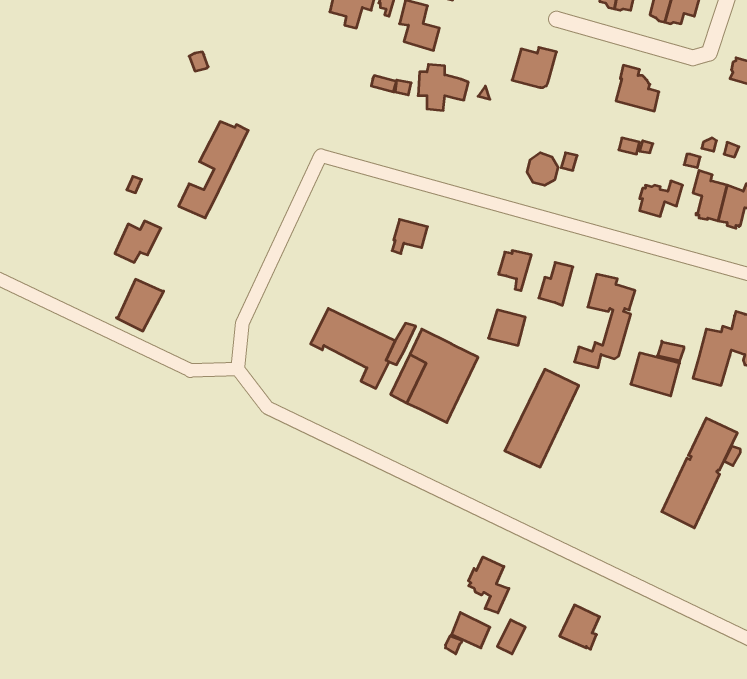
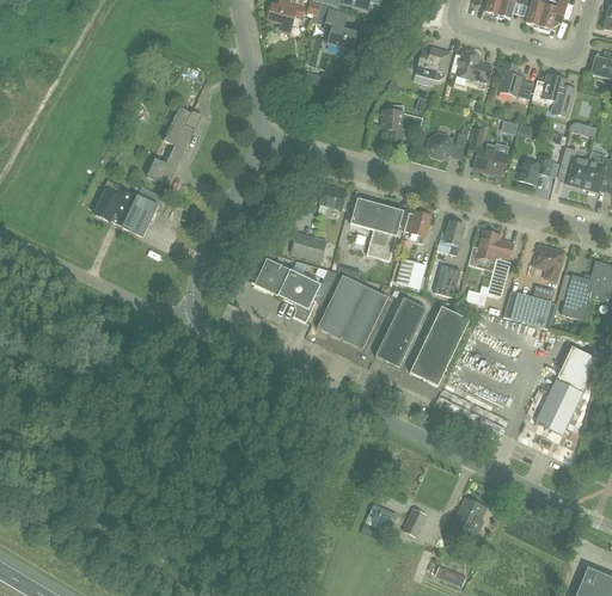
building: none -> [451,50,491,80]
building: [418,64,468,110] -> [381,103,422,140]
building: none -> [532,73,574,115]
building: none -> [466,127,507,173]
building: none -> [350,197,403,260]
building: none -> [290,231,326,260]
building: [116,279,164,331] -> [121,193,159,235]
building: none -> [533,244,564,279]
building: none -> [434,263,460,296]
building: none -> [375,296,427,365]
building: [468,557,509,613] -> none

